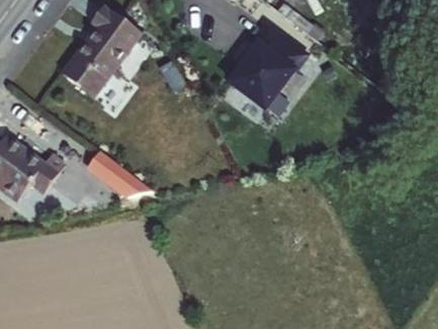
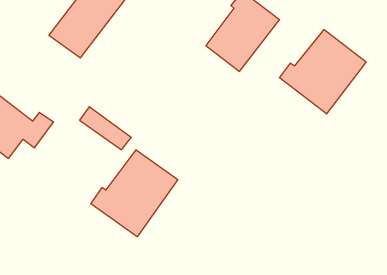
building: none -> [280,30,366,114]
building: none -> [91,150,178,237]

